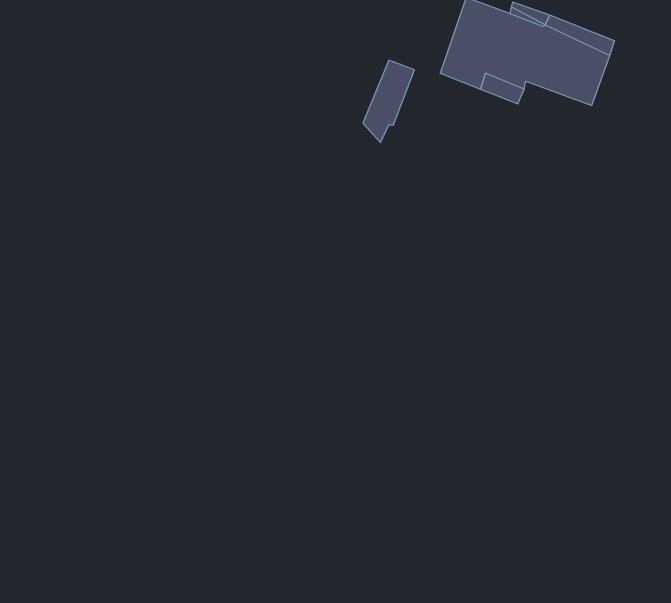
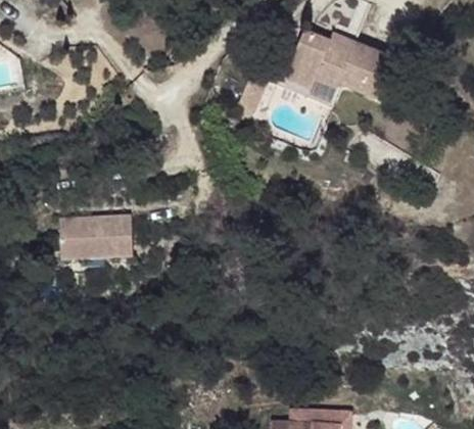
building: none -> [59,216,136,259]

